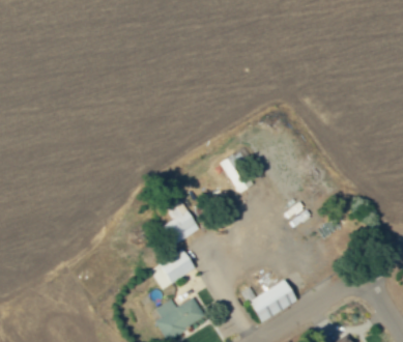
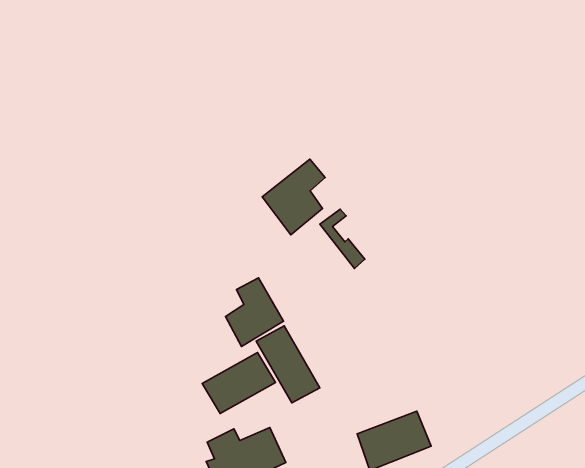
building: none -> [262,159,325,235]
building: none -> [256,326,320,403]

